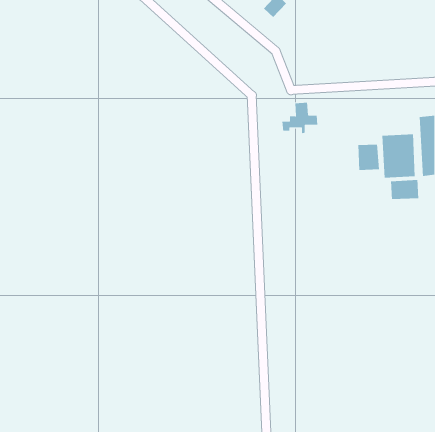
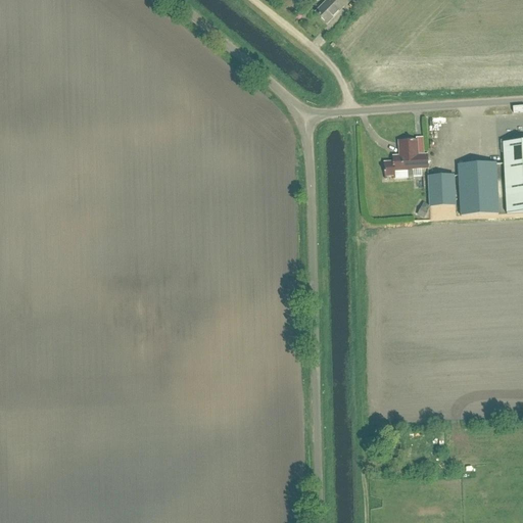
building: [282,102,318,134] -> [384,138,428,176]
building: [391,179,419,200] -> none

